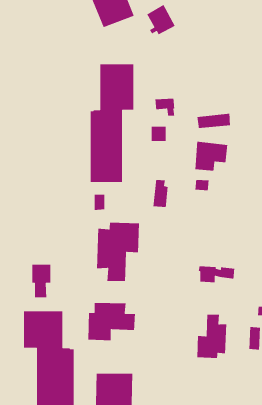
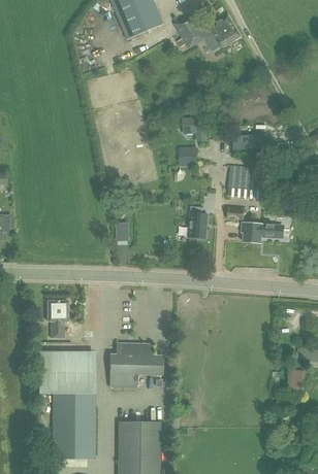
building: none -> [211,14,242,47]
building: [90,64,134,183] -> none
building: [96,222,140,282] -> none
building: [198,265,235,283] -> [242,223,283,242]
building: [196,314,227,359] -> none

